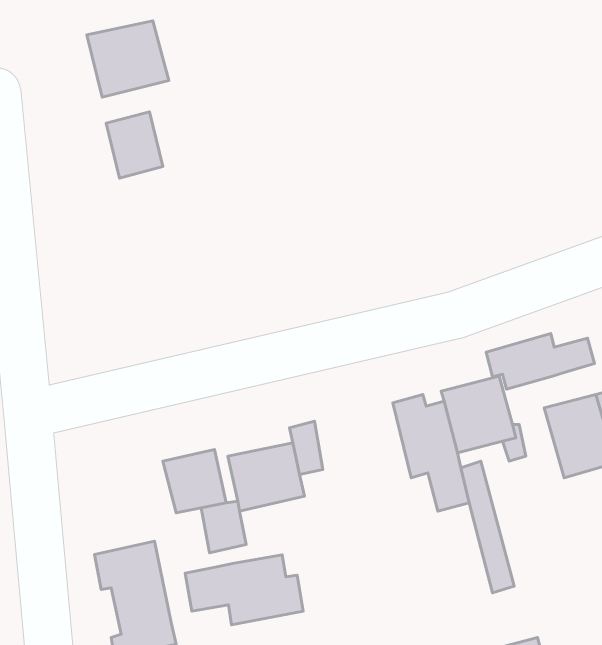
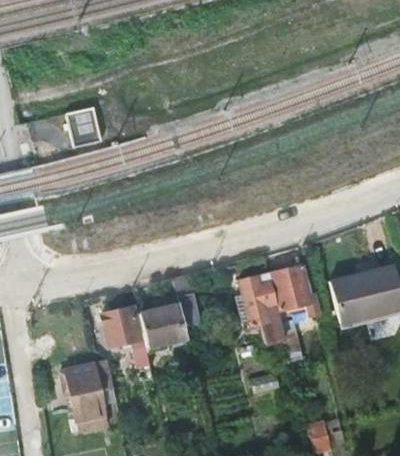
building: [87,21,169,97] -> none
building: [486,333,594,389] -> none
building: [185,555,303,625] -> none

